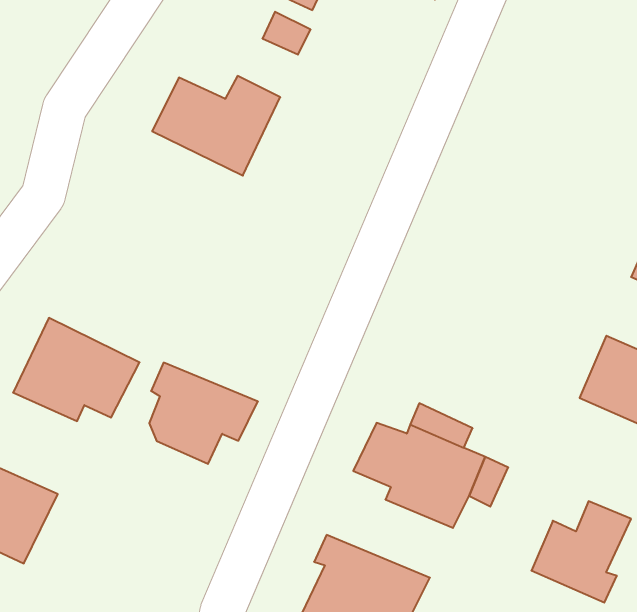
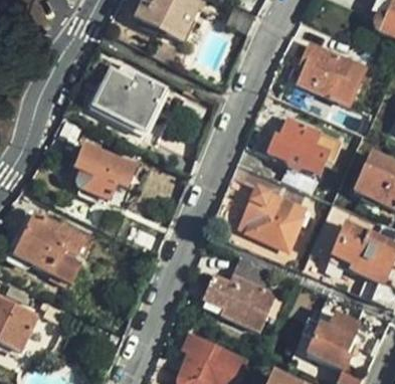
building: none -> [300,44,358,98]
building: none -> [269,119,330,175]
building: none -> [240,187,307,249]
building: [149,363,258,464] -> [74,143,136,200]

